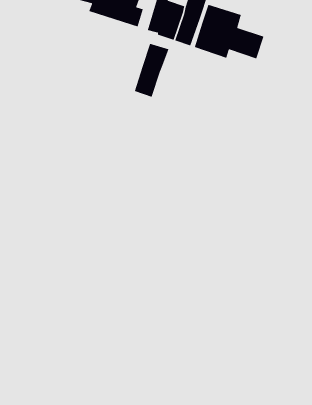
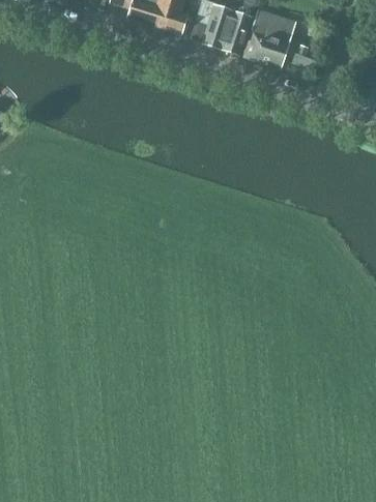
building: [134,43,170,98] -> none

